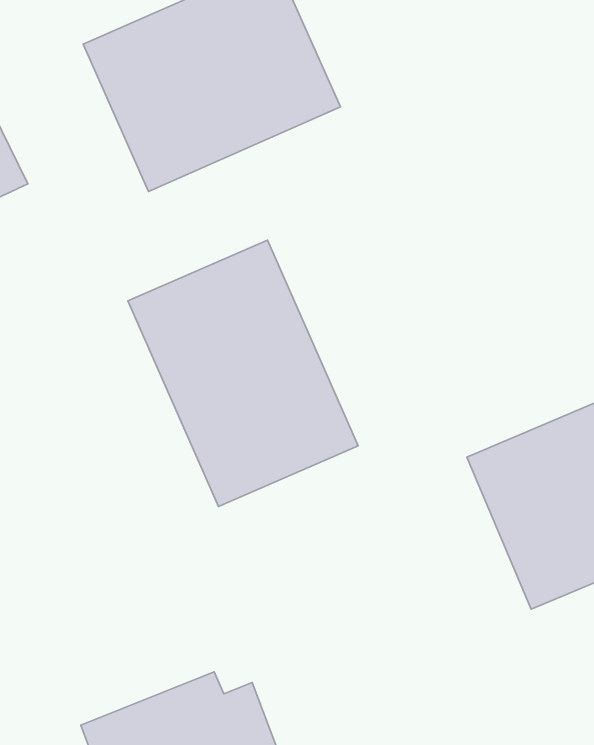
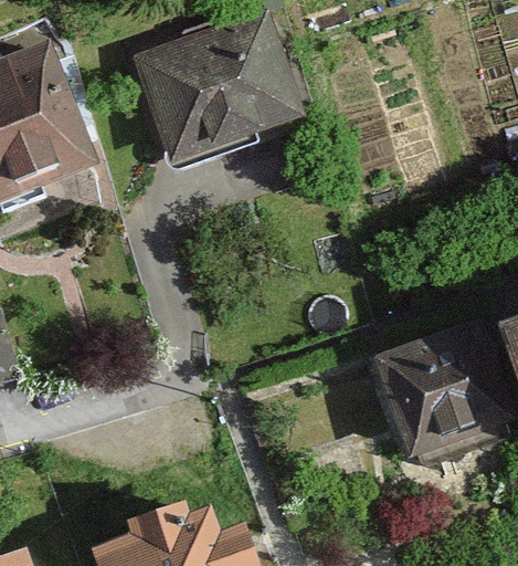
building: [128,240,358,506] -> none

